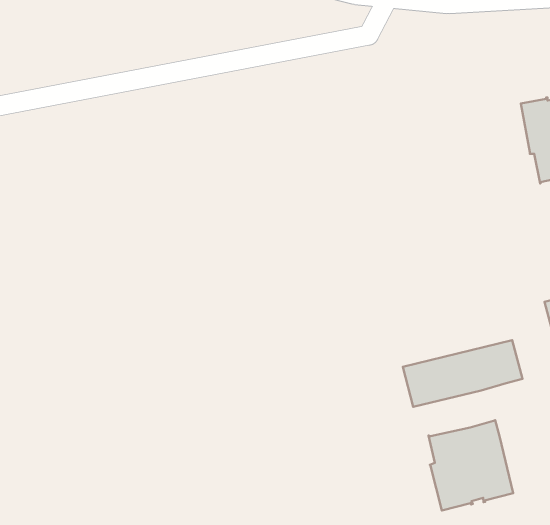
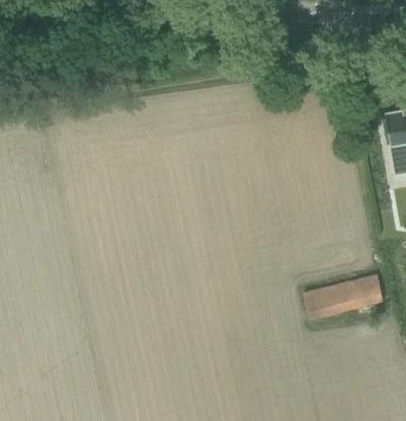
building: [428,420,513,510] -> none

